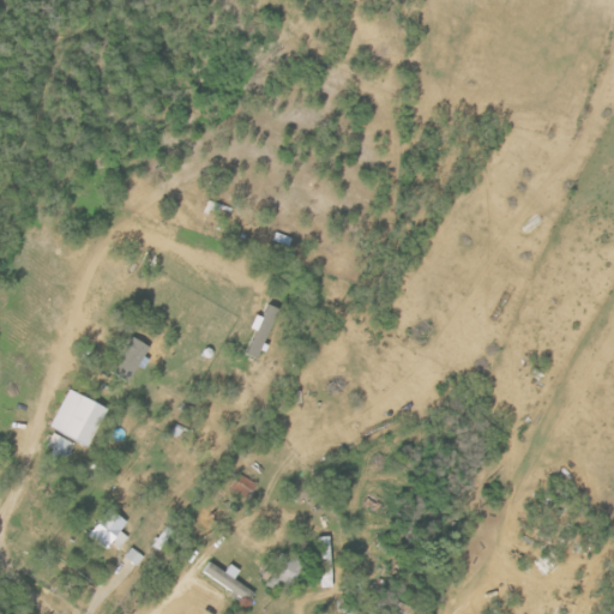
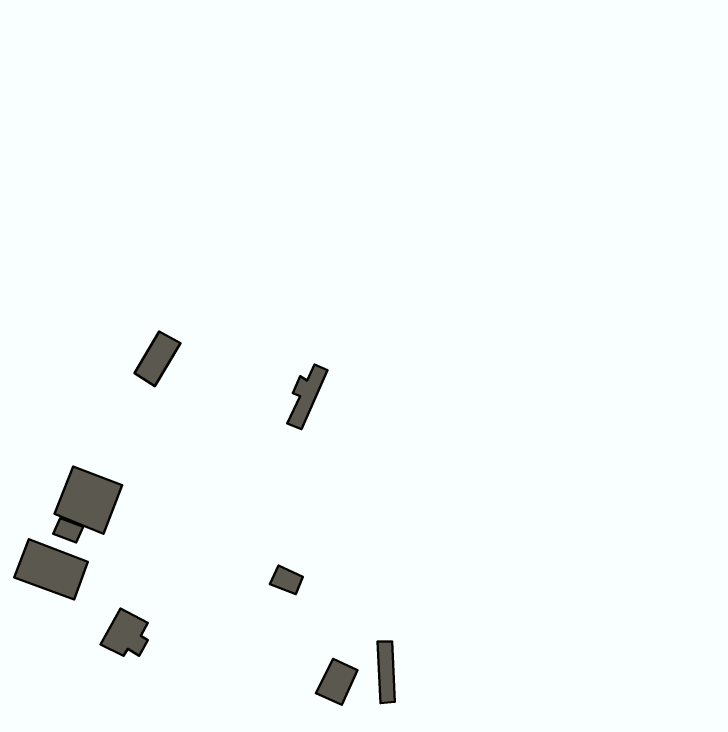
building: [110,337,149,383] -> [135,332,181,386]
building: none -> [14,539,88,599]
building: [201,561,254,603] -> none

